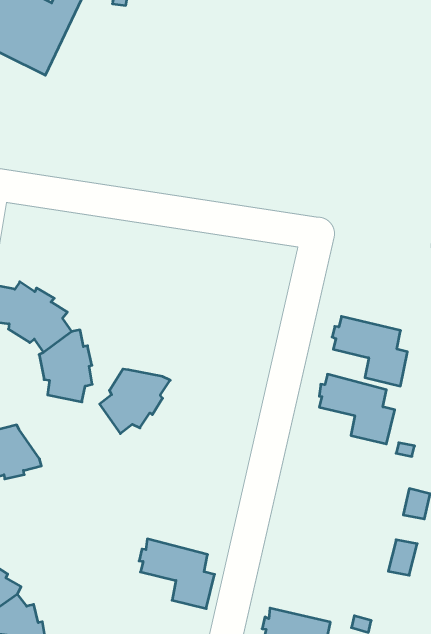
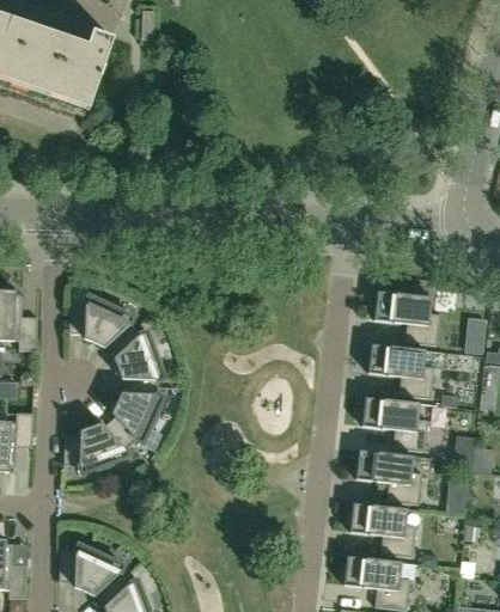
building: [100,369,170,434] -> [105,391,165,448]
building: none -> [360,396,428,451]
building: none -> [354,448,422,503]
building: [139,539,215,609] -> [348,501,416,556]

